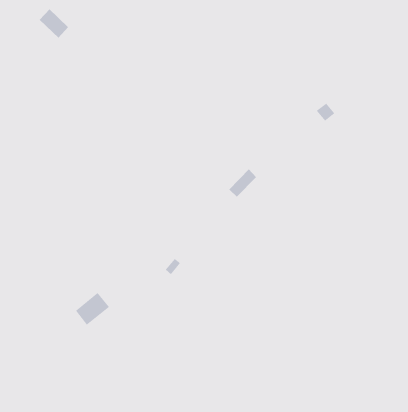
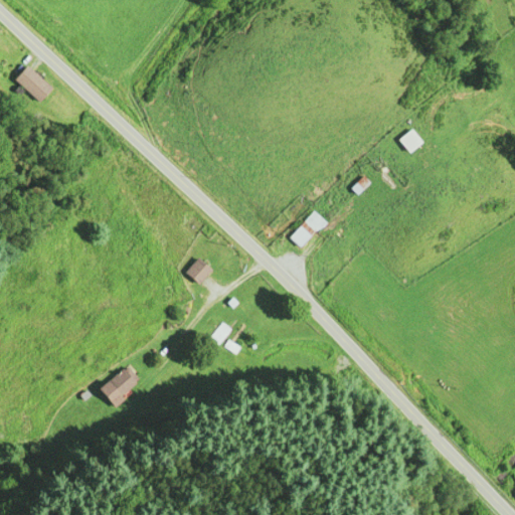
building: [39,9,69,39] -> [16,65,53,103]
building: none -> [186,258,212,285]

